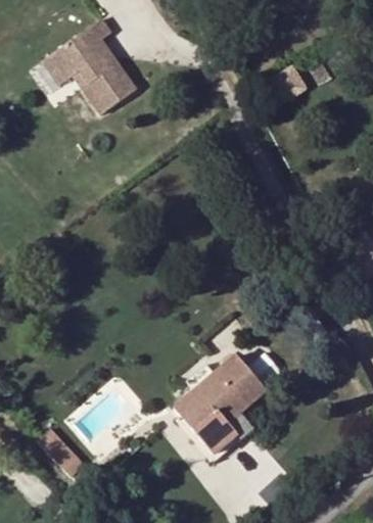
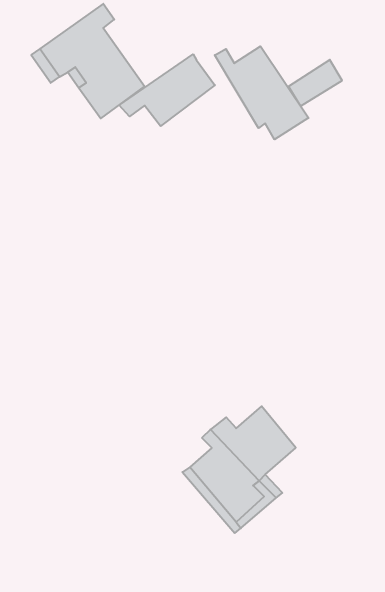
building: none -> [215,46,309,139]
building: none -> [119,54,215,126]

